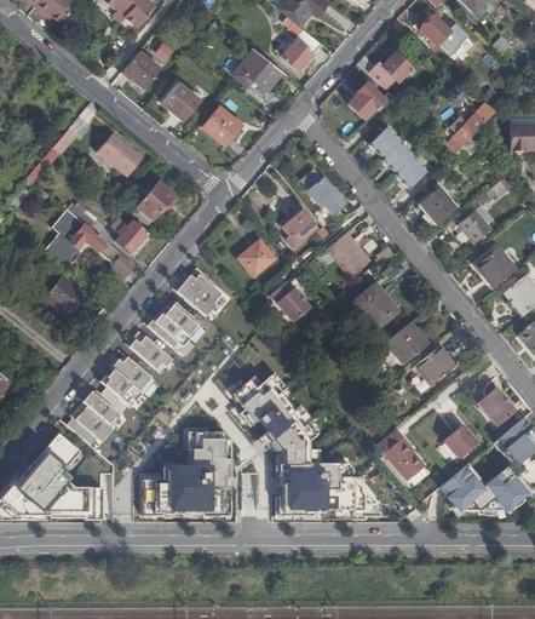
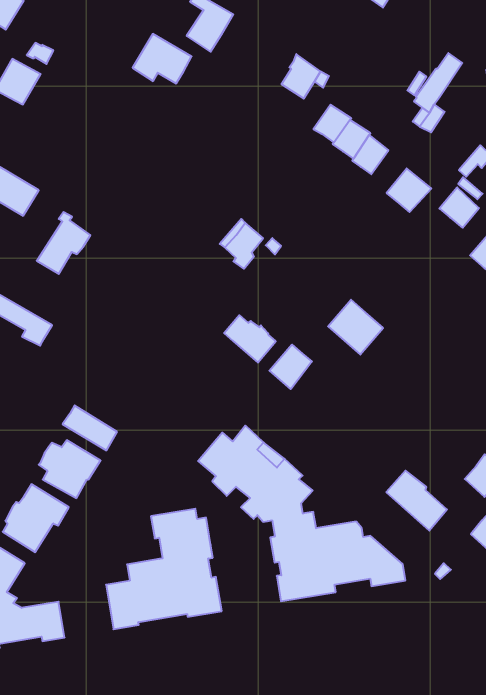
building: [358,53,412,90] -> none
building: [163,80,202,118] -> none
building: [203,104,242,143] -> none
building: [300,167,345,214] -> none
building: [111,218,146,253] -> none
building: [327,231,370,276] -> none
building: [238,240,275,275] -> none
building: [178,266,223,316] -> none
building: [153,302,202,351] -> none
building: none -> [269,345,312,389]
building: [385,321,428,363] -> none
building: [413,343,455,383] -> none

